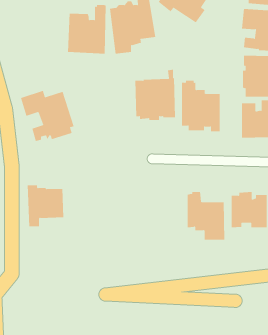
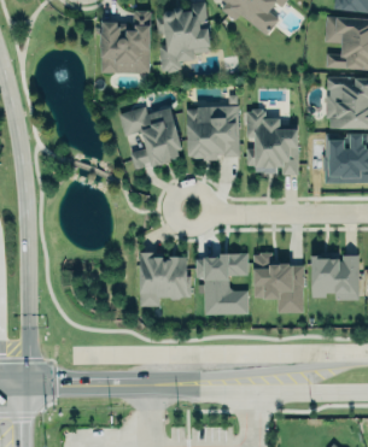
building: [20,90,74,142] -> [117,104,187,170]
building: [27,185,64,227] -> [138,249,186,304]
building: none -> [194,248,246,311]

